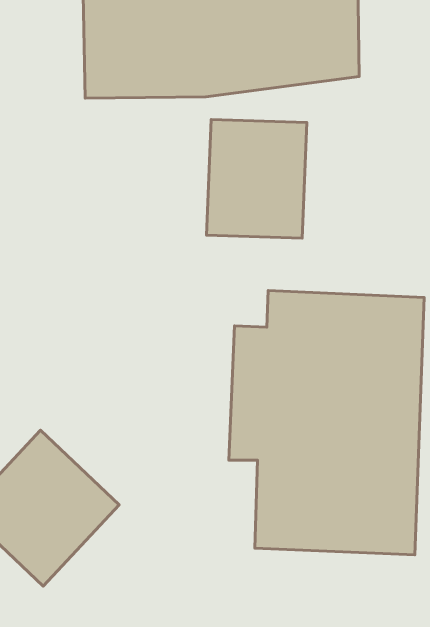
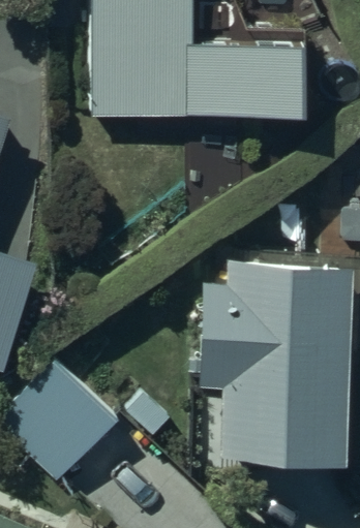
building: [206,120,307,238] -> none

